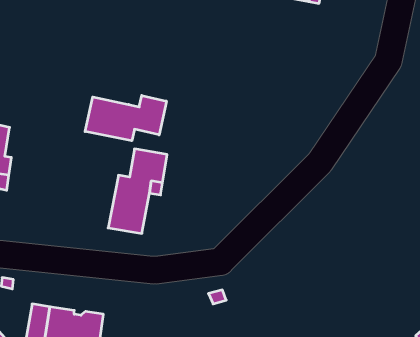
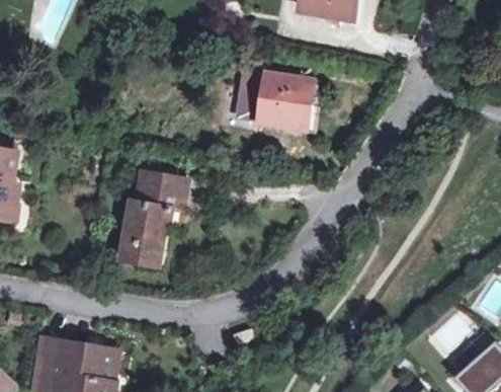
building: none -> [237,67,309,126]
building: [85,95,166,141] -> none

